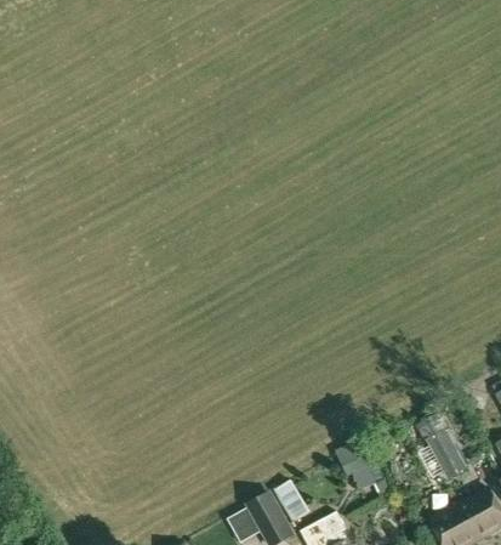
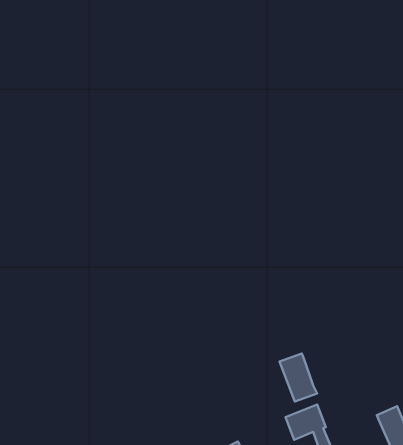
building: none -> [280,354,317,401]

